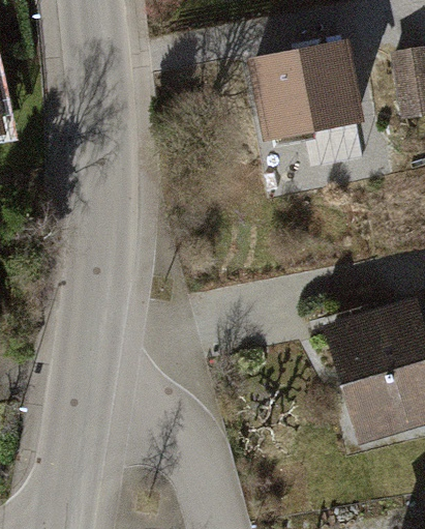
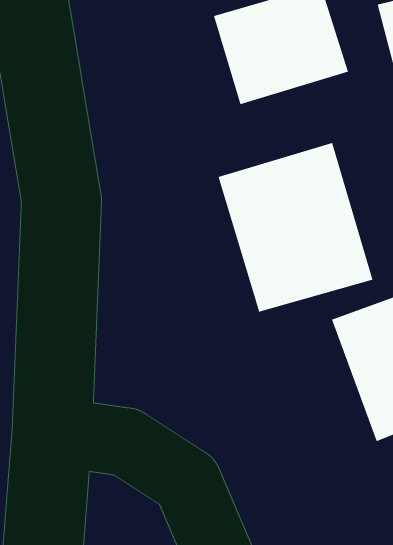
building: none -> [218,142,373,312]

